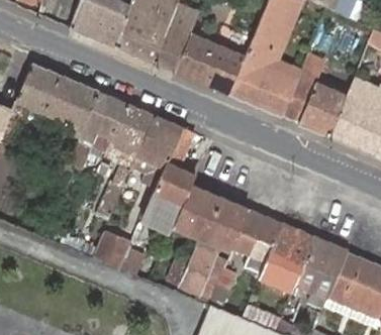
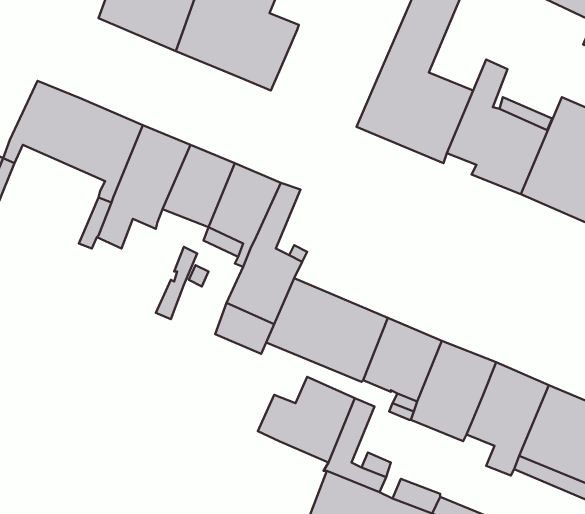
building: [176,33,245,93] -> none
building: [91,231,145,273] -> none

